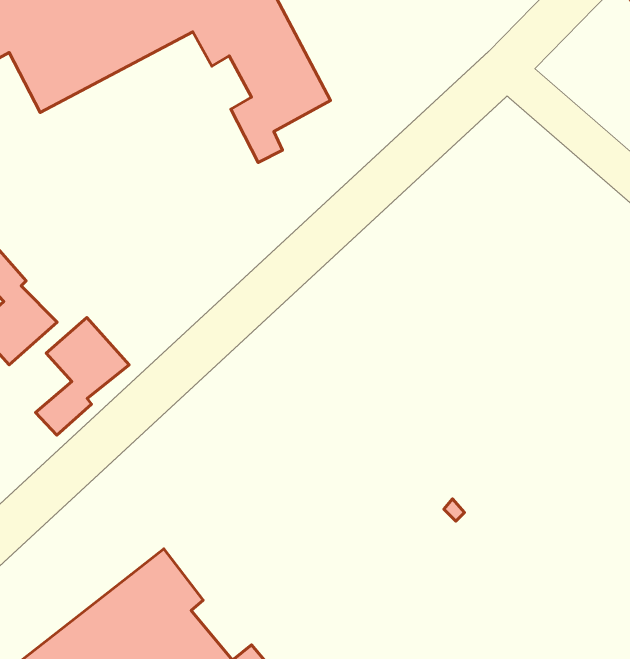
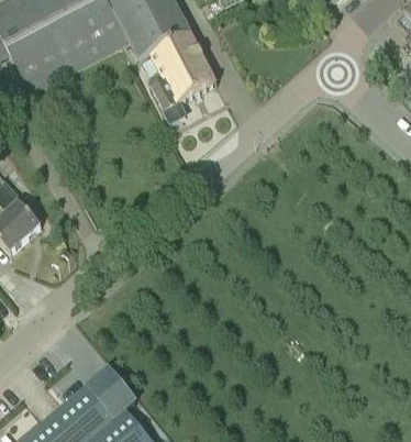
building: [36,318,129,435] -> none

